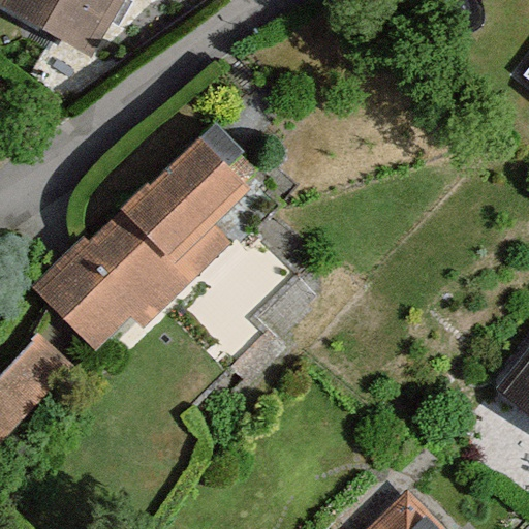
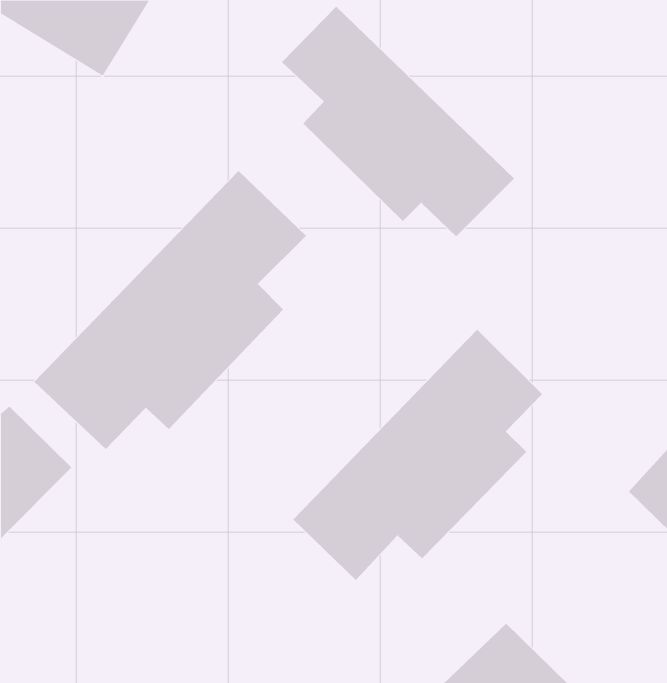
building: none -> [281,6,515,237]
building: none -> [293,329,543,581]

